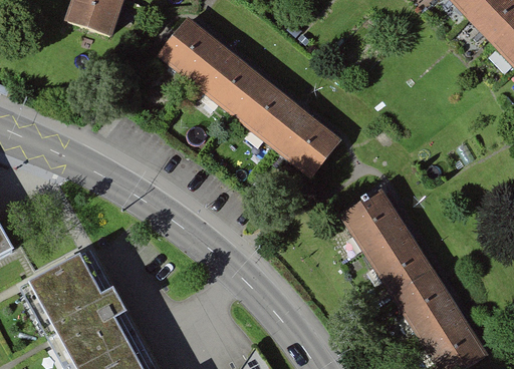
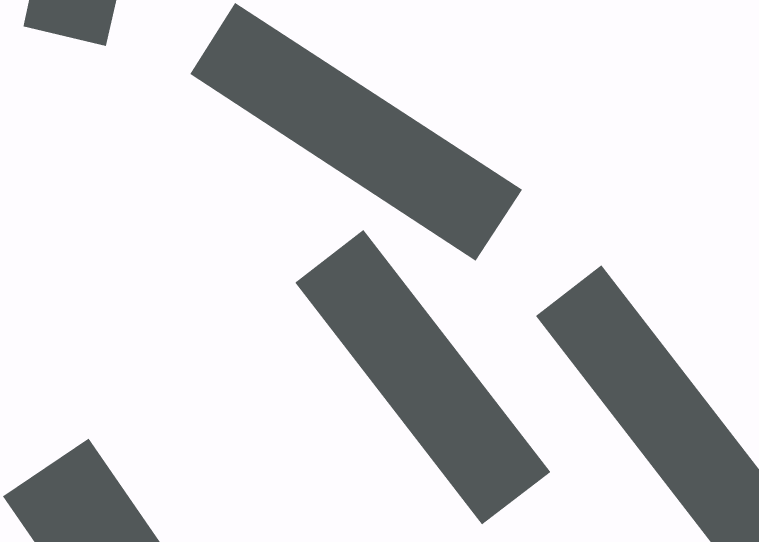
building: none -> [294,229,551,526]

